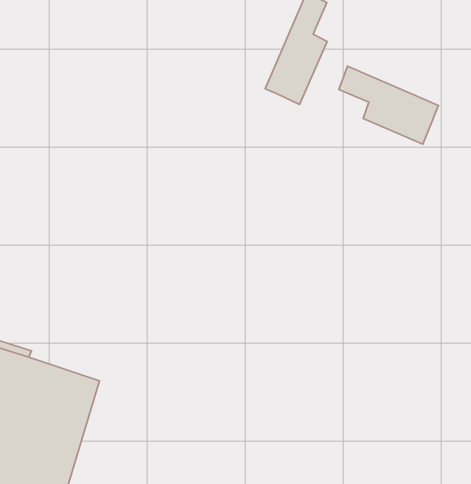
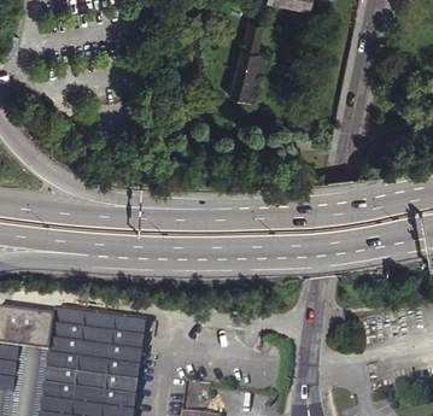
building: [339,66,439,144] -> none

